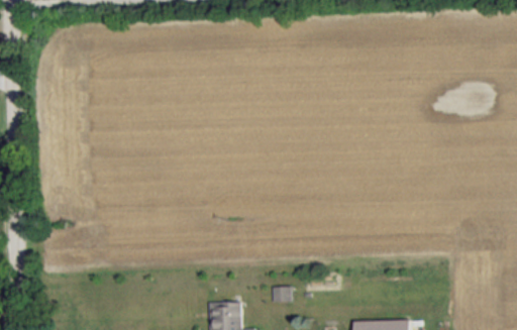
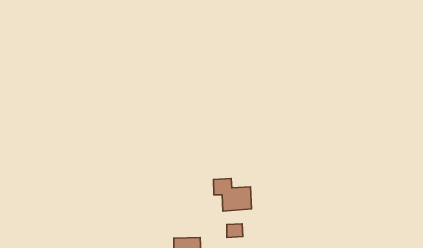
building: none -> [213,179,252,211]

